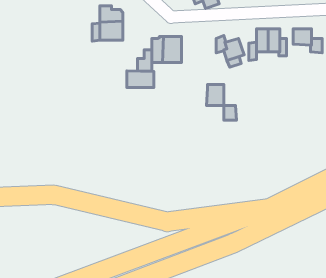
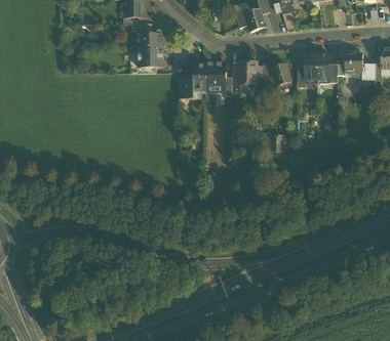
building: [127,71,154,87] -> none
building: [207,85,224,106] -> [238,62,257,85]

